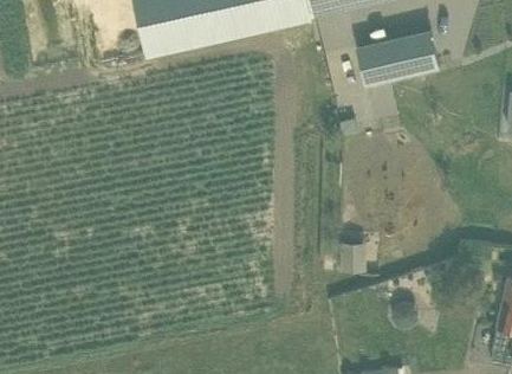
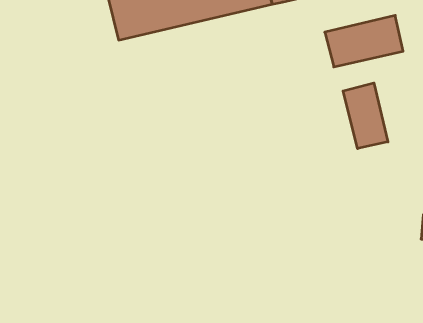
building: none -> [343,83,388,149]

